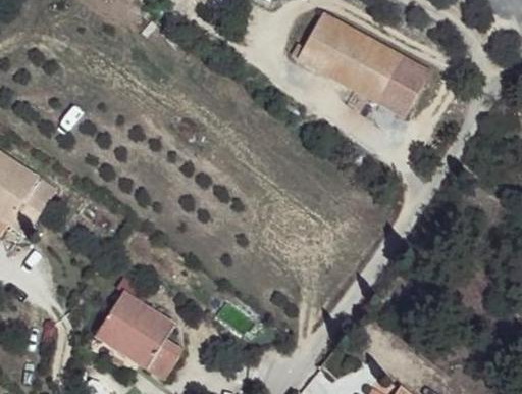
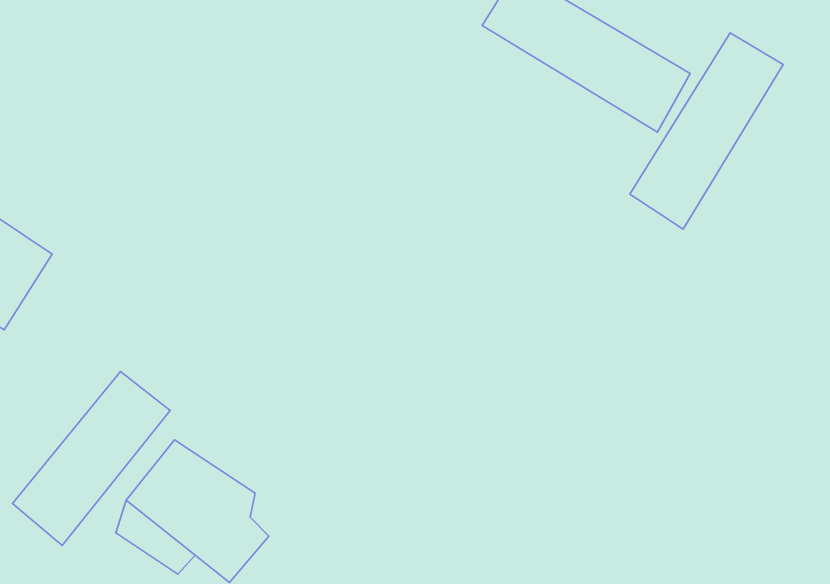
building: none -> [630,33,783,229]
building: none -> [13,372,170,546]

